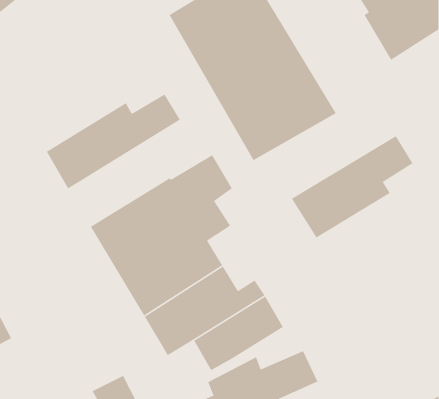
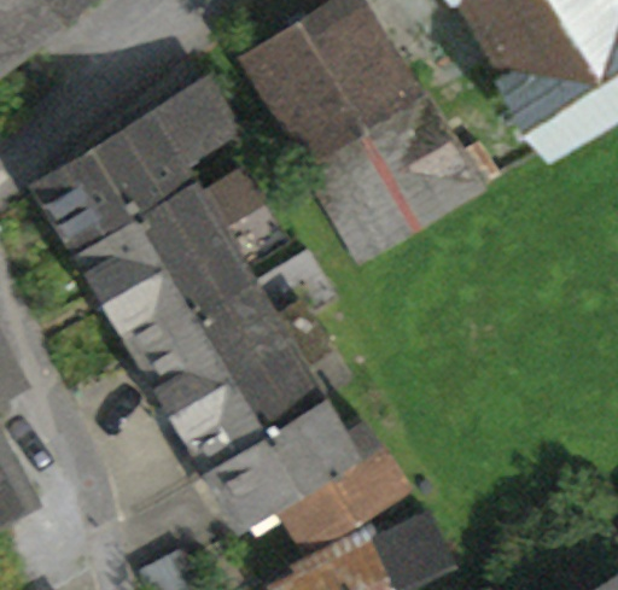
building: none -> [34,80,232,245]
building: none -> [101,201,278,347]
building: [291,135,414,238] -> none

